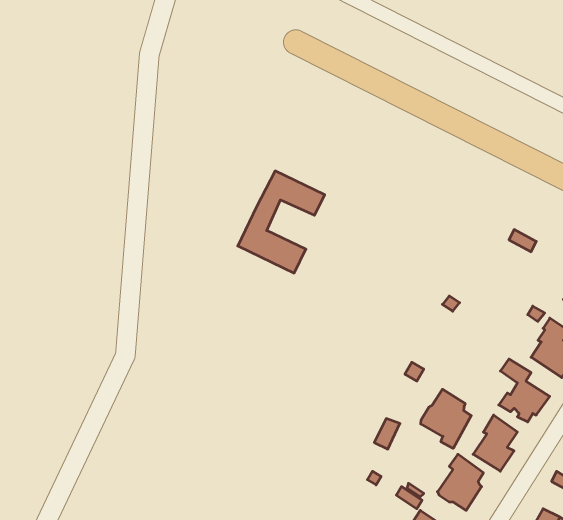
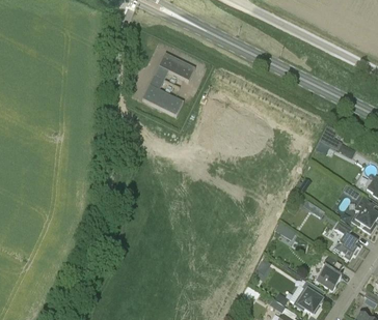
building: [238,171,325,273] -> [141,53,194,115]
building: [421,389,471,448] -> none

